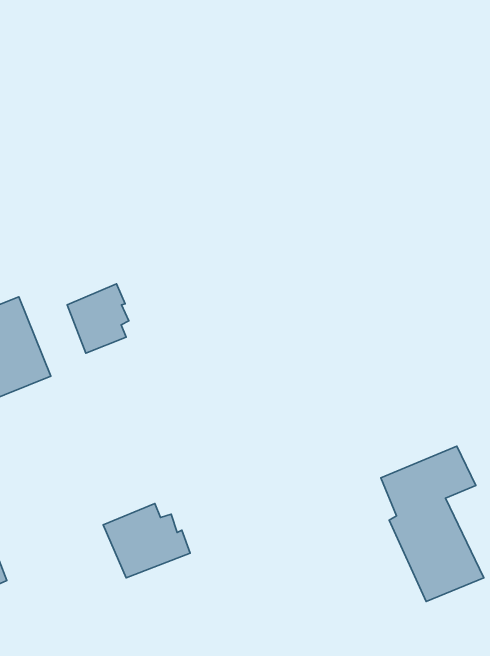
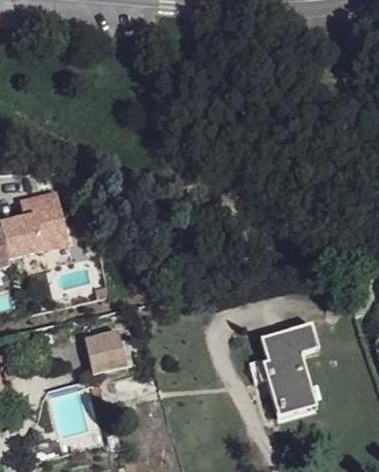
building: [67,284,129,353] -> none

